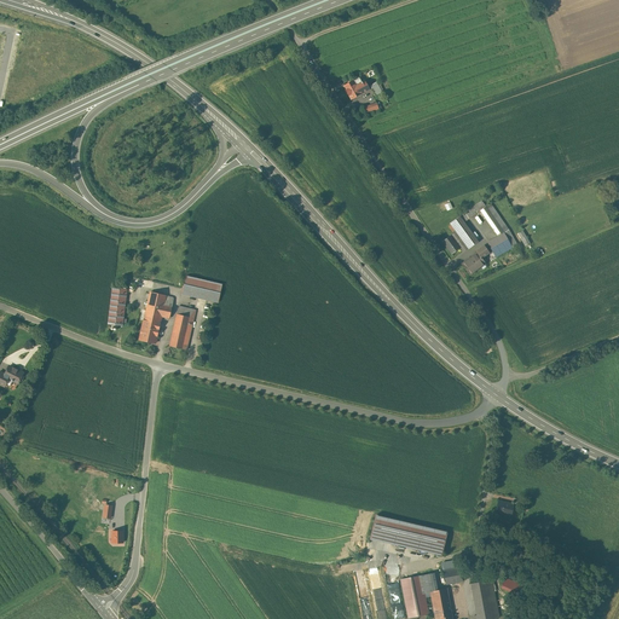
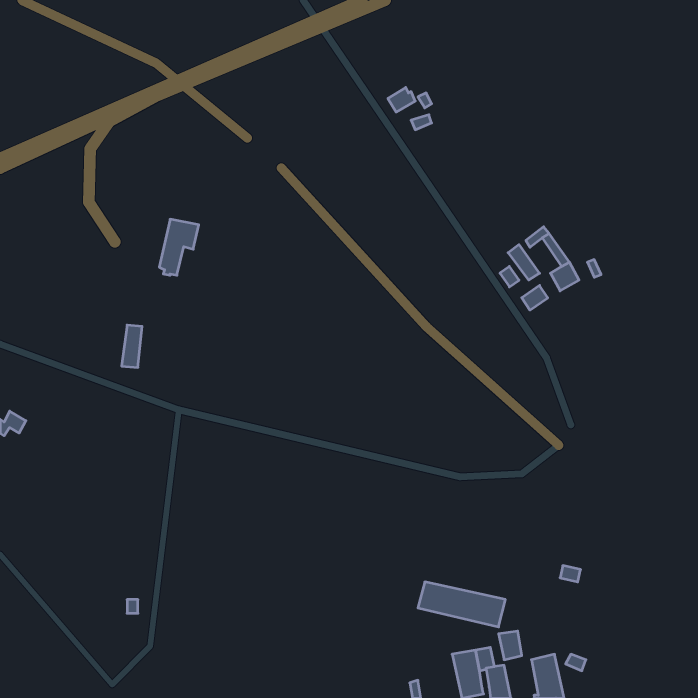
building: [181,276,221,302] -> none
building: [139,291,174,341] -> [159,219,199,275]
building: [168,305,195,349] -> none

